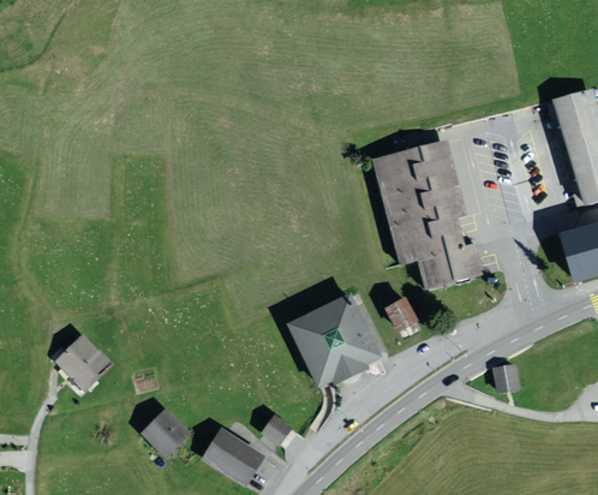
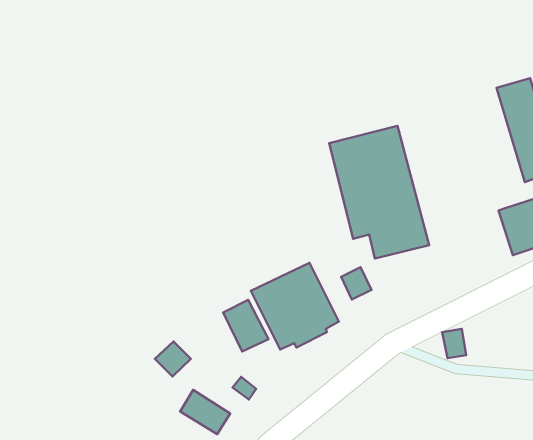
building: none -> [223,300,269,352]
building: [60,339,106,384] -> none
building: [146,415,186,453] -> [155,342,191,376]

